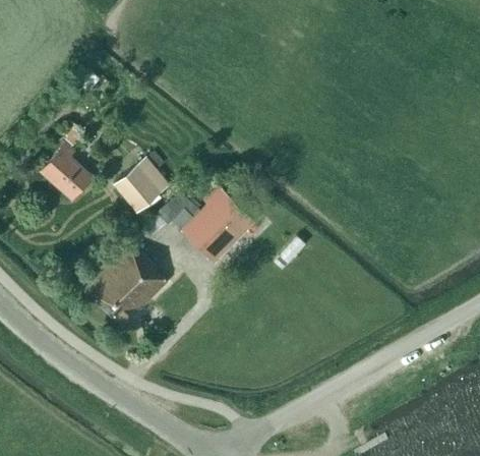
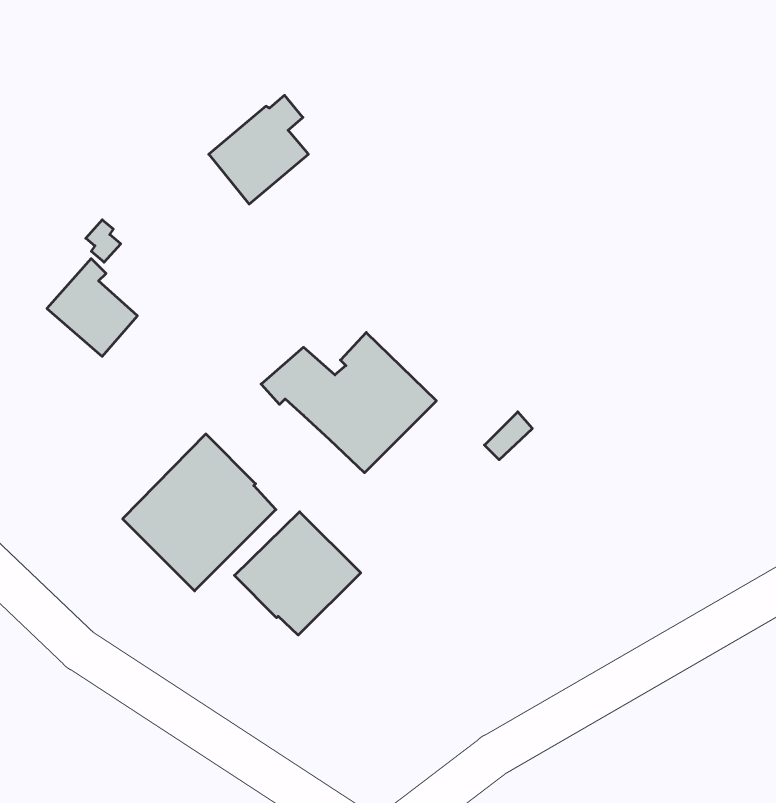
building: [114,152,169,212] -> [209,95,308,204]
building: none -> [234,512,361,635]

